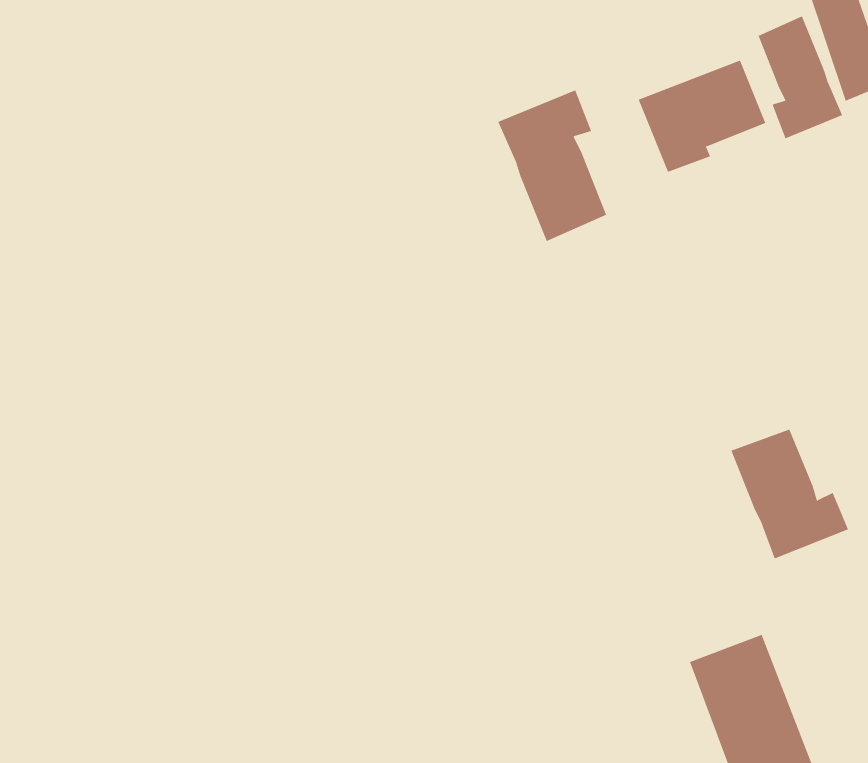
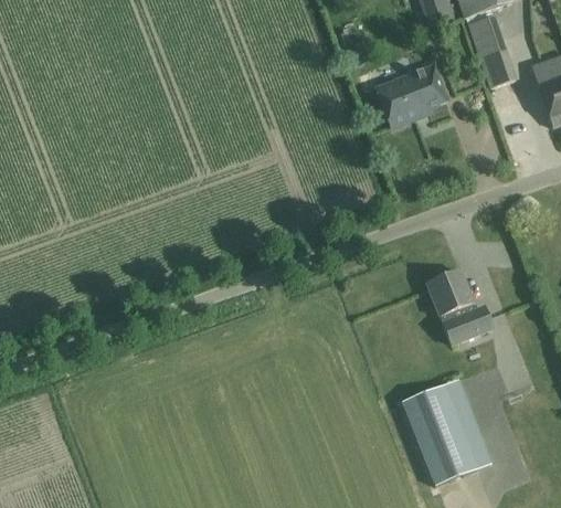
building: [758,16,843,139] -> none
building: [498,89,607,242] -> none

